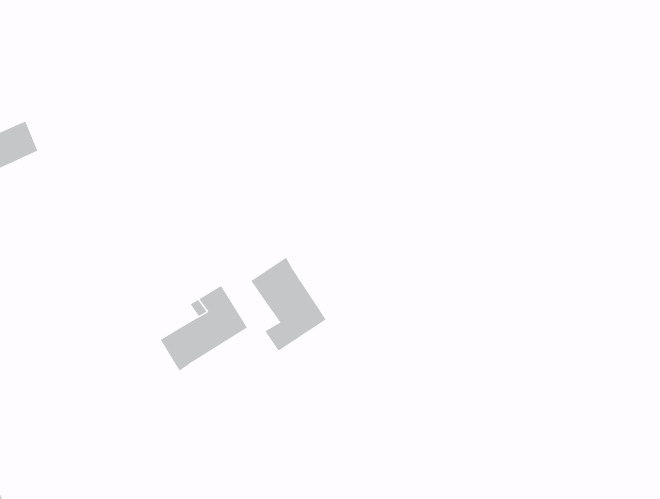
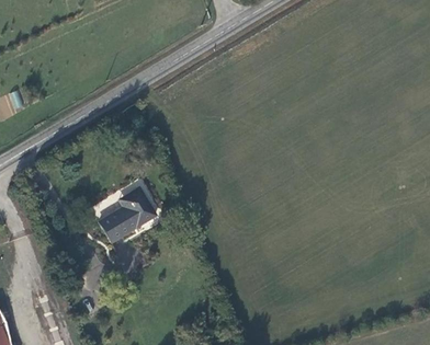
building: [250,257,327,351] -> none

